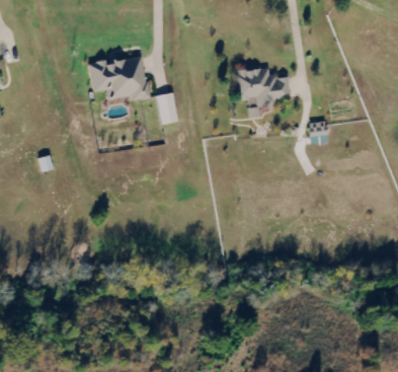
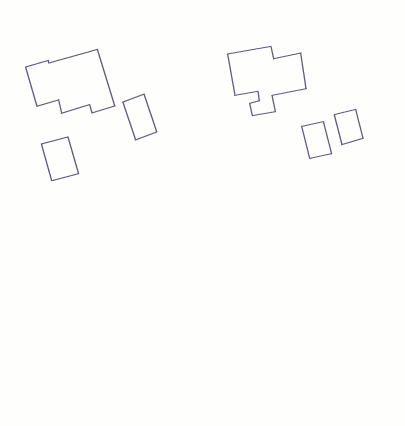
building: none -> [41,137,79,181]
building: none -> [302,122,331,159]

